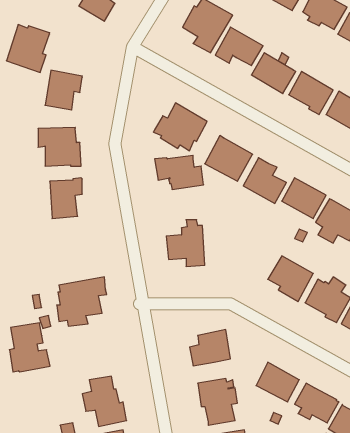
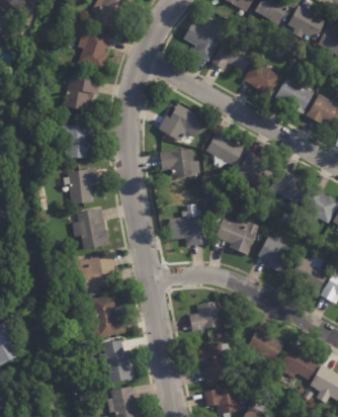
building: [6,25,50,72] -> [73,27,110,69]
building: none -> [72,207,109,249]
building: none -> [212,216,259,254]
building: [9,323,50,372] -> [90,295,125,337]

